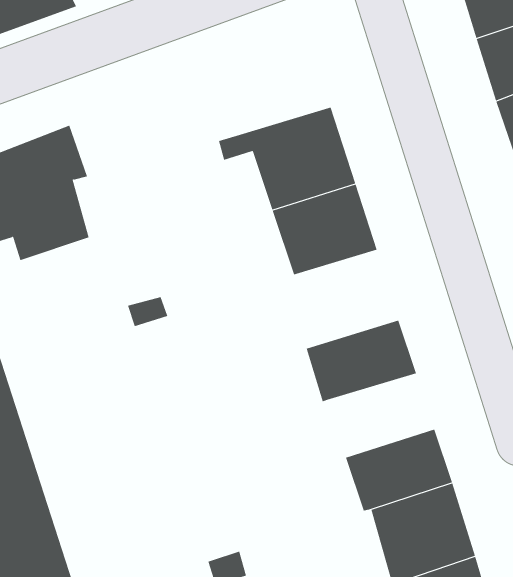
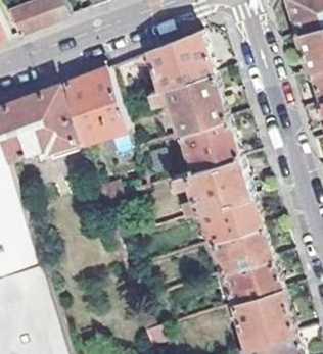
building: none -> [147,32,214,90]
building: none -> [64,68,127,142]
building: none -> [170,155,252,217]
building: none -> [212,225,273,273]

